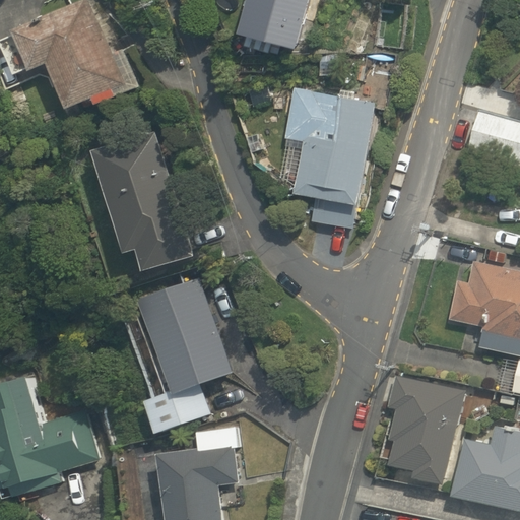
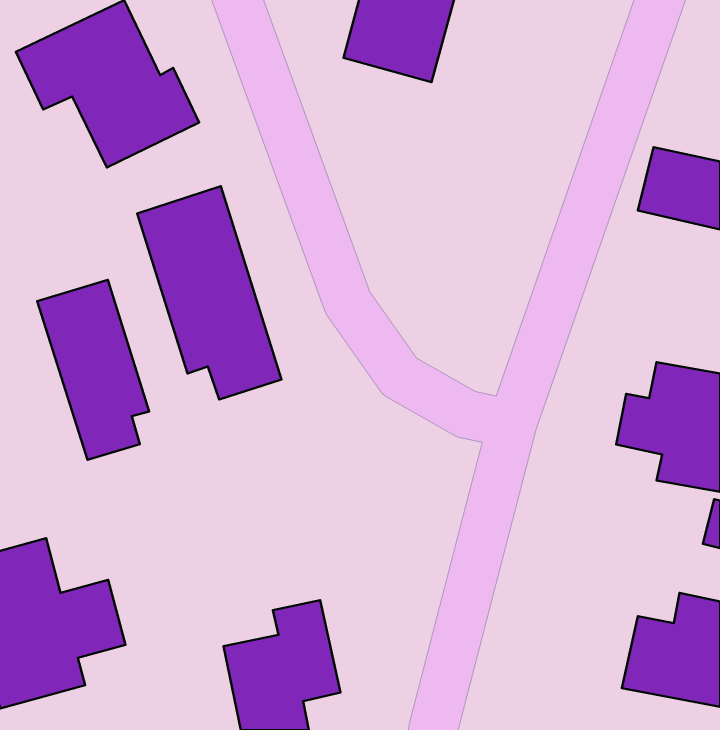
building: [275,86,396,231] -> none
building: none -> [37,280,149,460]
building: [133,284,235,436] -> none
building: [367,368,455,476] -> none

